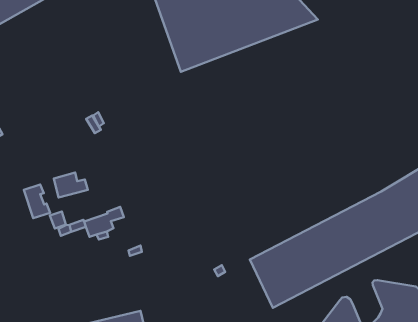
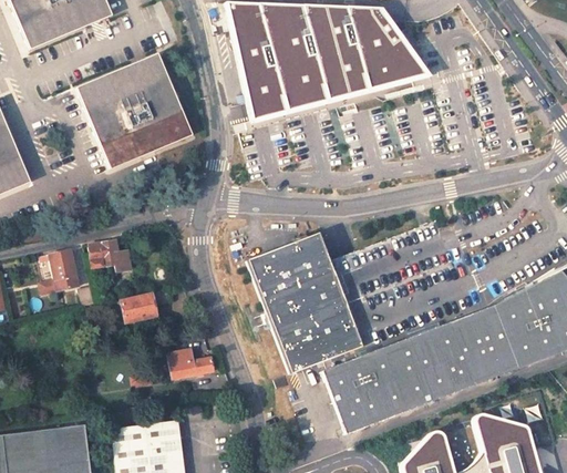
building: none -> [76,51,193,167]
building: none -> [248,232,362,372]
building: none -> [168,348,214,377]

